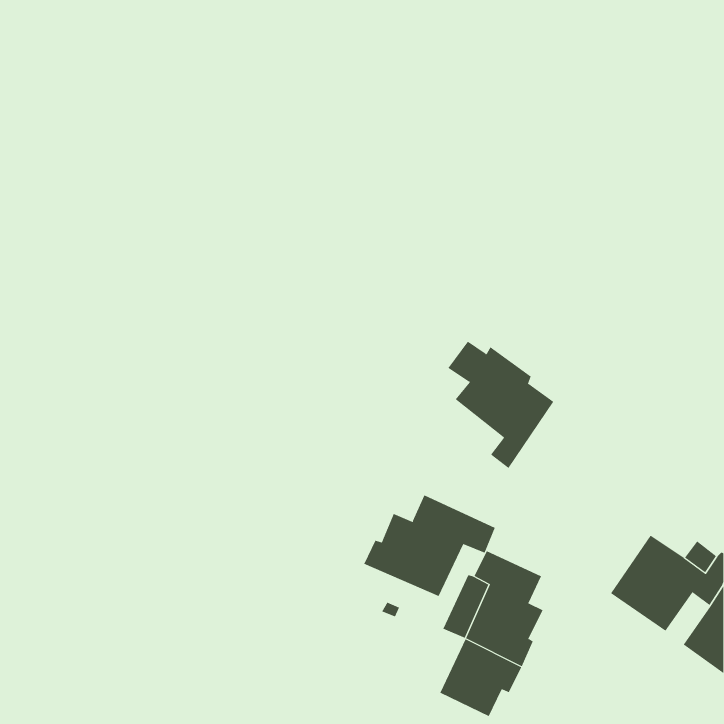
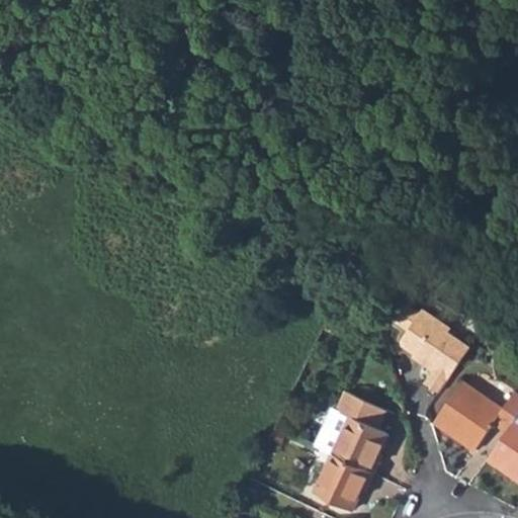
building: [448,341,554,469] -> [396,301,471,393]
building: [363,495,496,597] -> none

